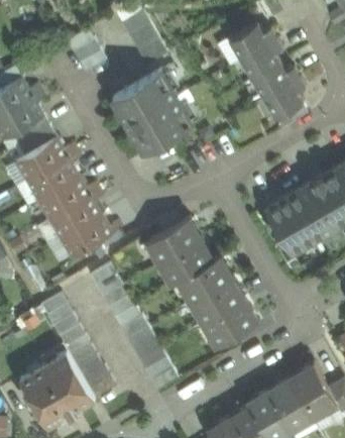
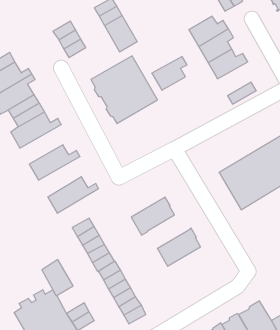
building: [263,79,306,119] -> [152,56,187,90]
building: [27,153,81,201] -> none
building: [49,192,103,240] -> none
building: [147,219,200,264] -> none
building: [180,256,231,302] -> none
building: [41,294,73,327] -> none
building: [204,300,259,347] -> none
building: [72,346,103,379] -> none

